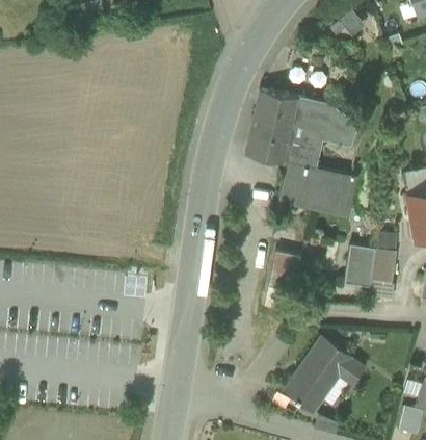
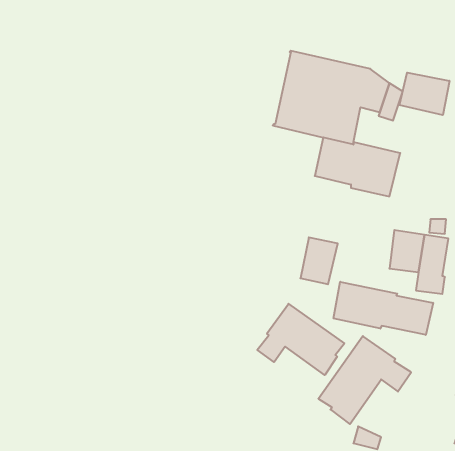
building: none -> [400,73,449,115]
building: none -> [334,282,433,335]
building: none -> [257,304,344,375]

